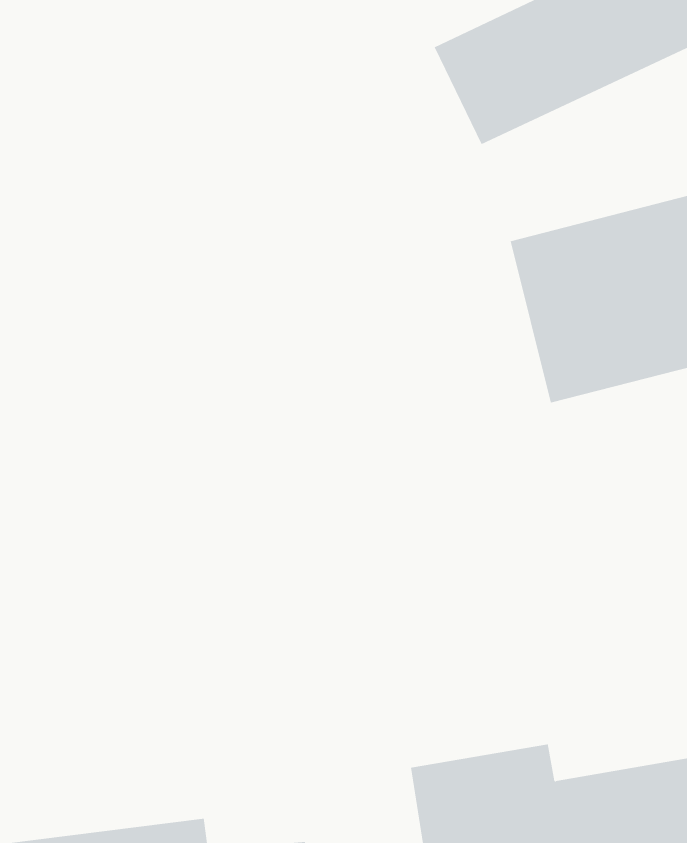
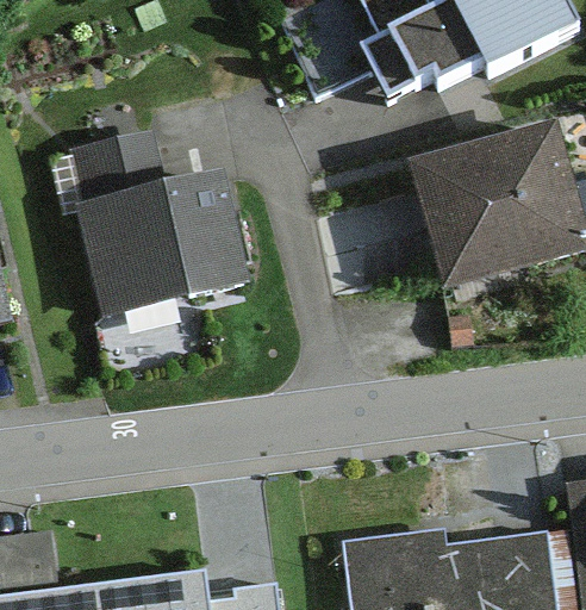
building: none -> [68,120,242,312]

